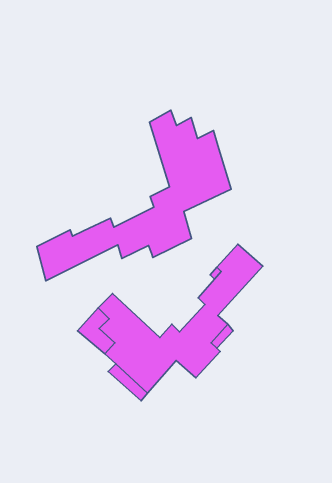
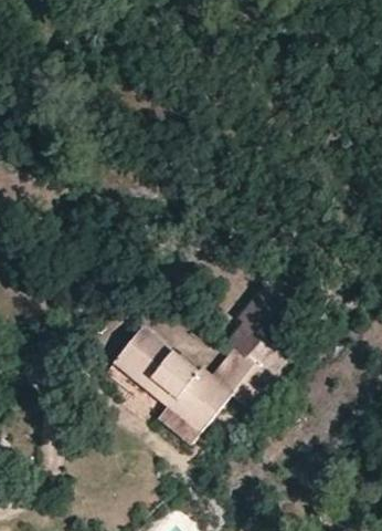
building: [37,110,231,281] -> none

